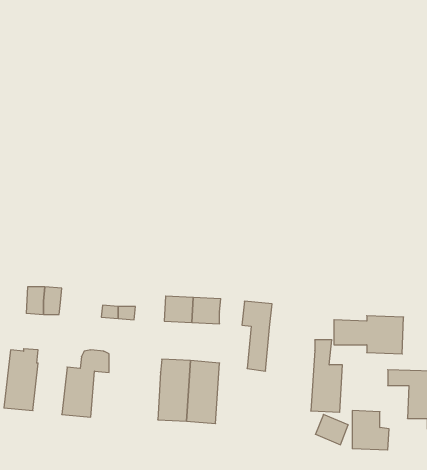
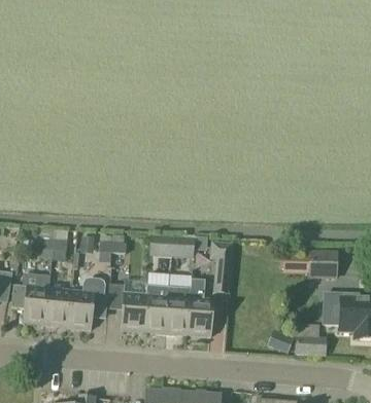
building: [311,340,342,412] -> [189,279,213,335]
building: none -> [45,287,72,327]
building: none -> [121,292,145,331]

